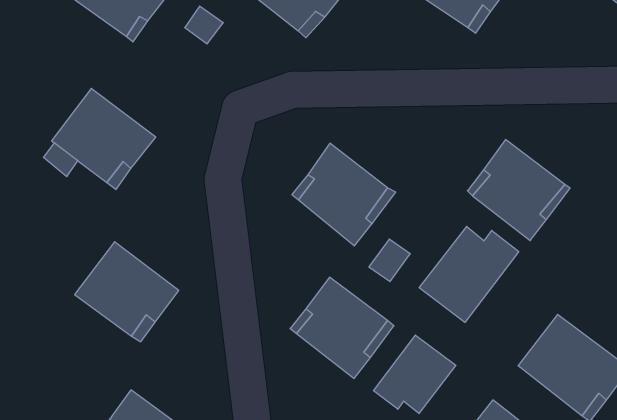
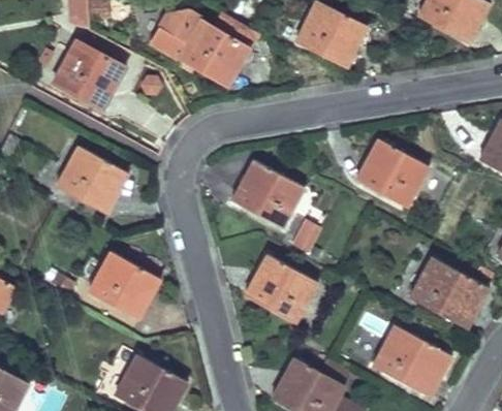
building: [419,226,519,322] -> none
building: [374,335,456,414] -> none

